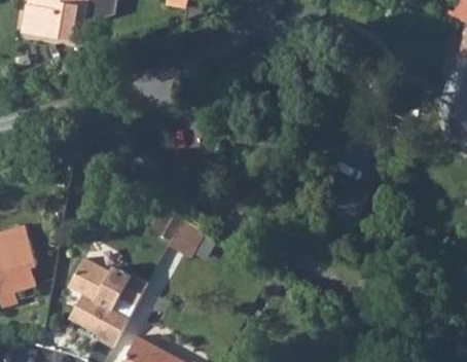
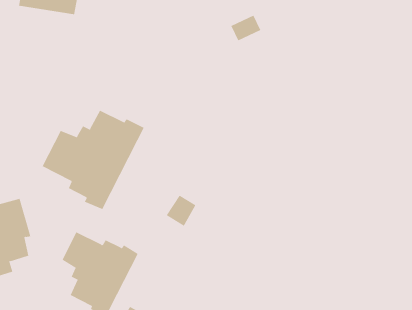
building: none -> [42,110,144,210]

